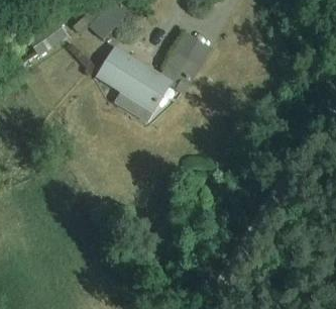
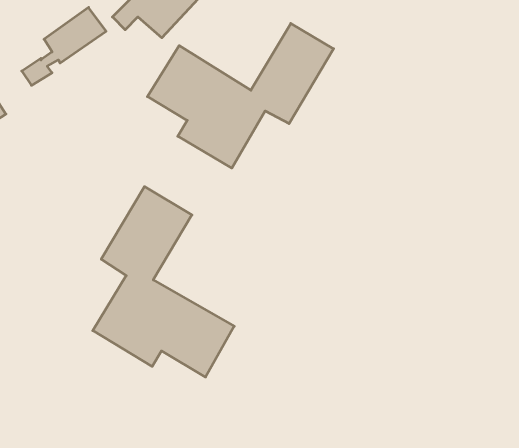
building: none -> [93,187,234,377]

